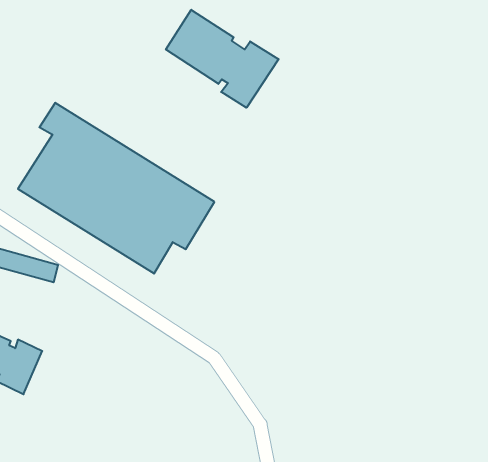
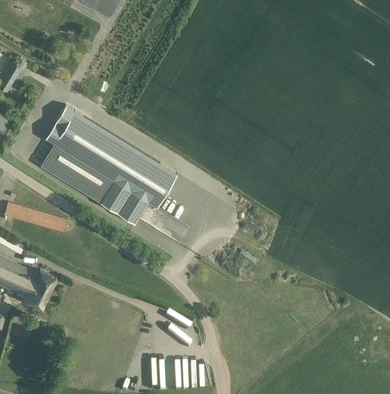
building: [166,10,279,108] -> none

